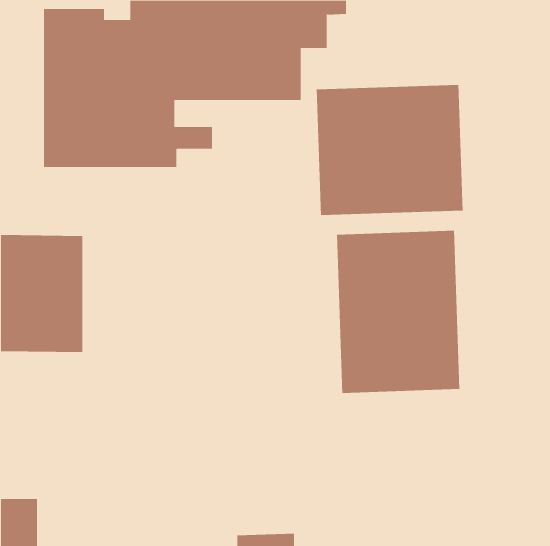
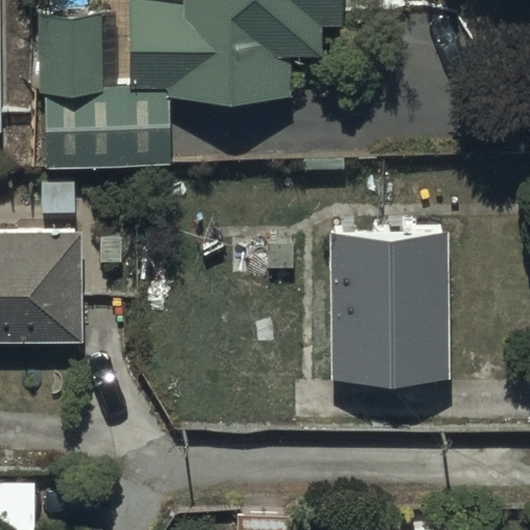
building: [316,84,463,216] -> none

